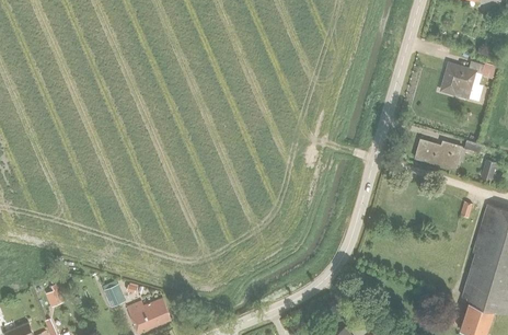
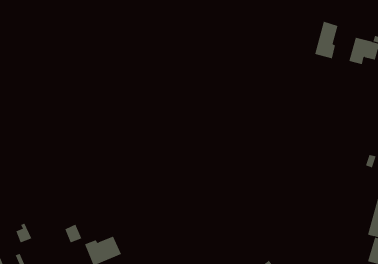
building: none -> [315,21,338,59]
building: [414,138,463,171] -> none

